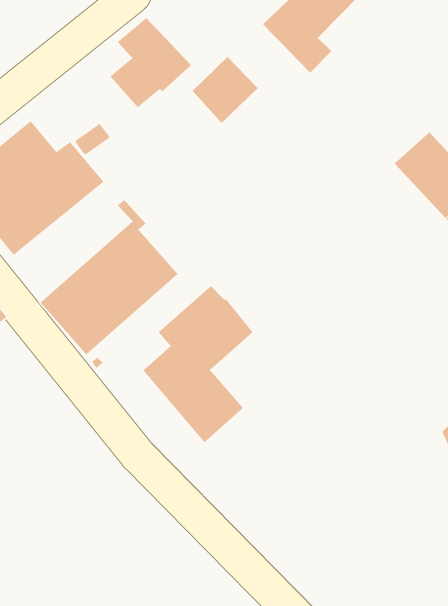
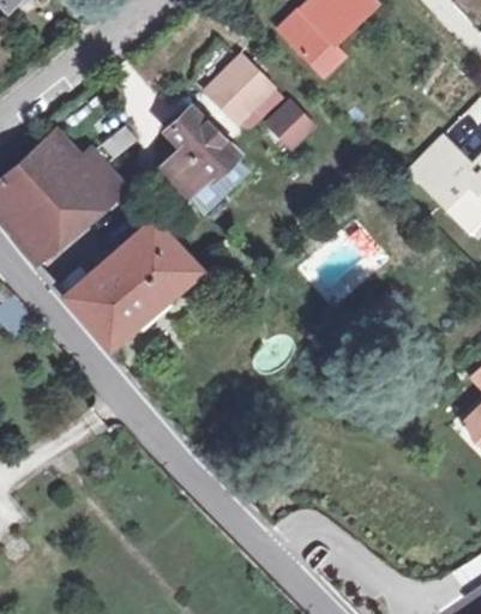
building: [109,17,192,108] -> [160,110,240,199]
building: none -> [261,96,315,150]
building: [142,285,254,443] -> none

